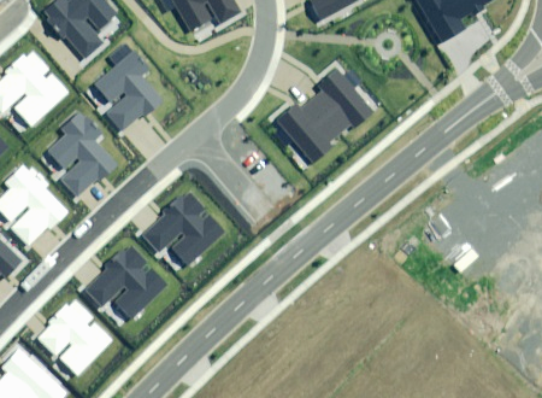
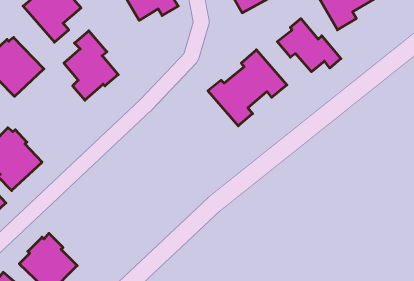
building: none -> [277,19,341,72]
building: [47,112,117,193] -> none
building: [142,193,223,262] -> none
building: [84,246,165,317] -> none

